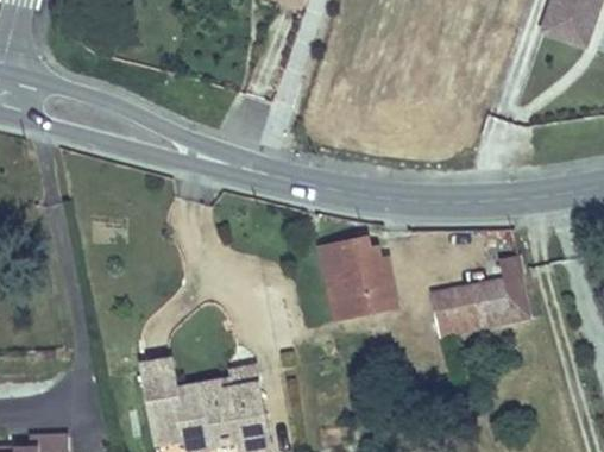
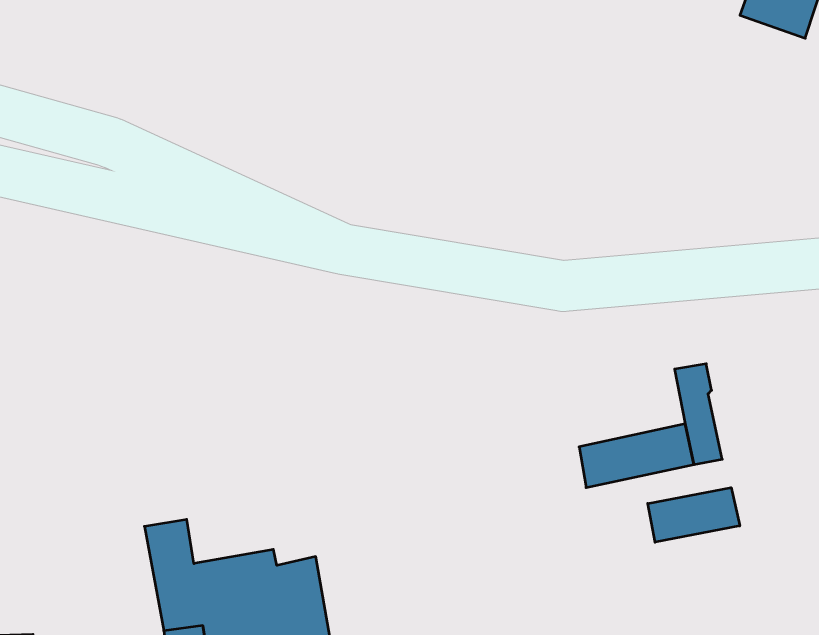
building: [322,236,397,316] -> none
building: none -> [648,488,740,542]

